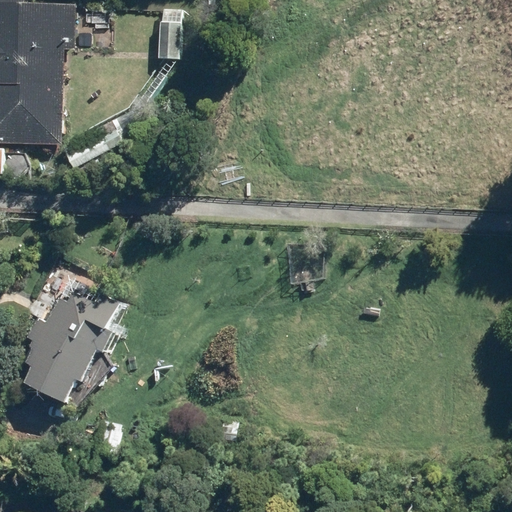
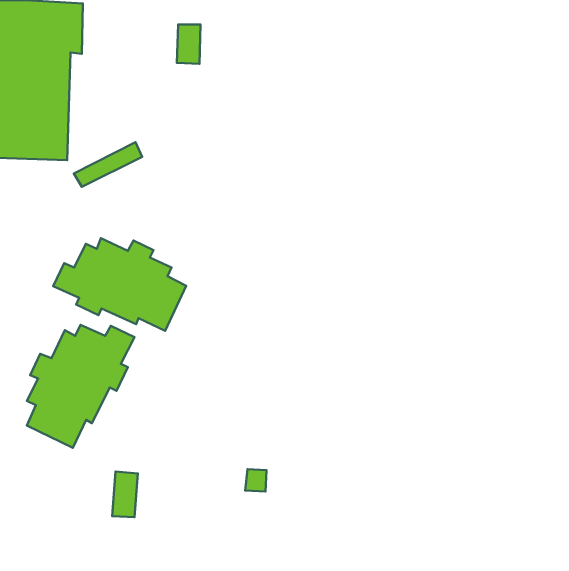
building: none -> [53,238,186,331]

